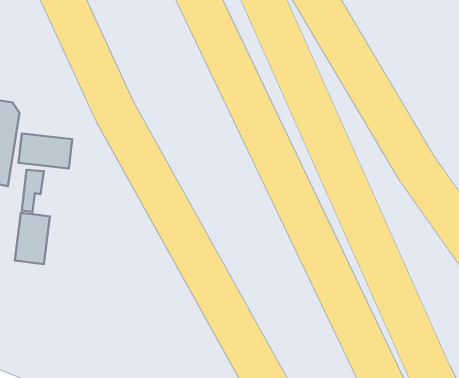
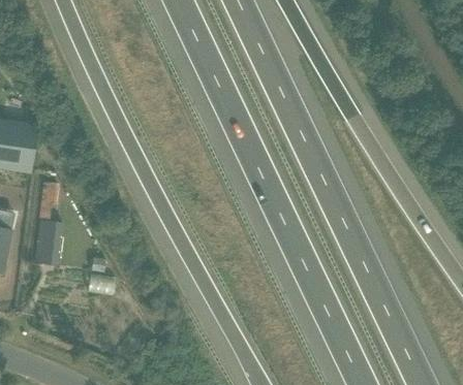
building: [18,133,72,169] -> none

